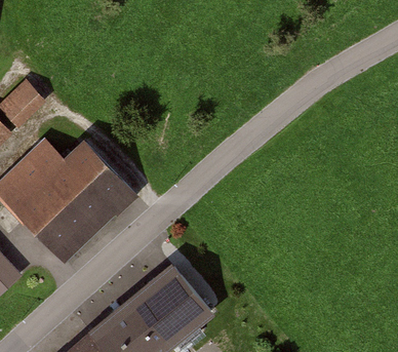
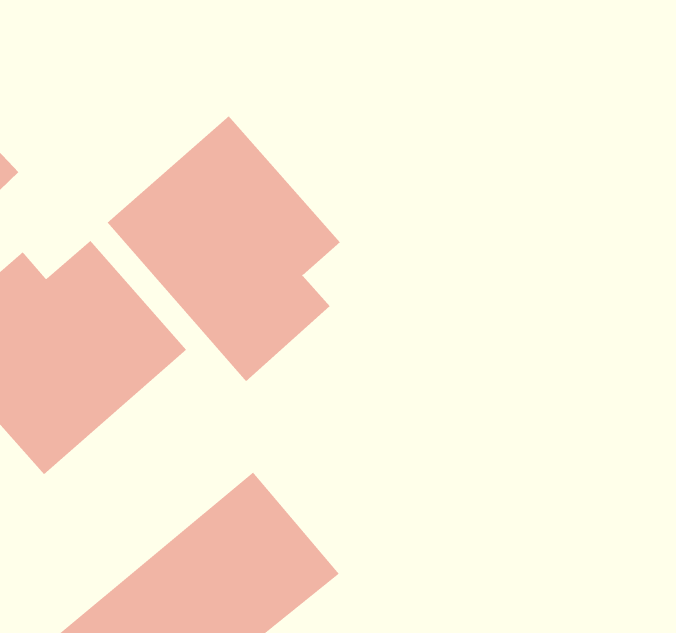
building: none -> [106,115,341,382]

